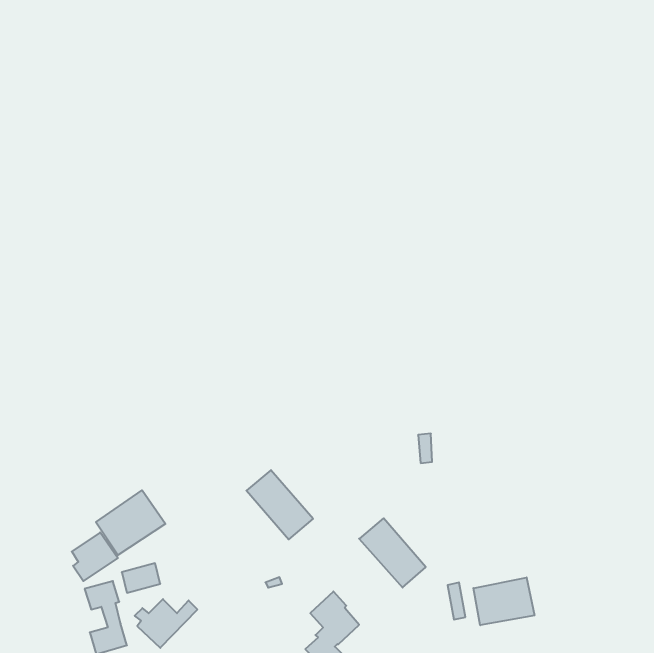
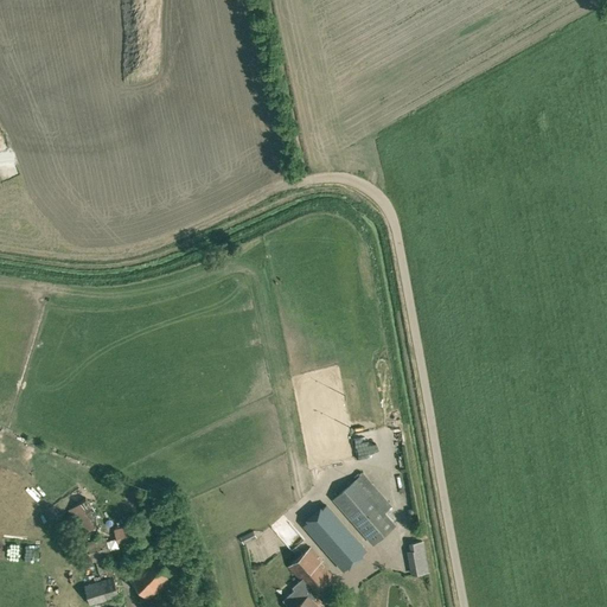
building: [246,470,313,539] -> [302,507,364,571]
building: [96,490,165,555] -> none
building: [473,577,534,625] -> none

